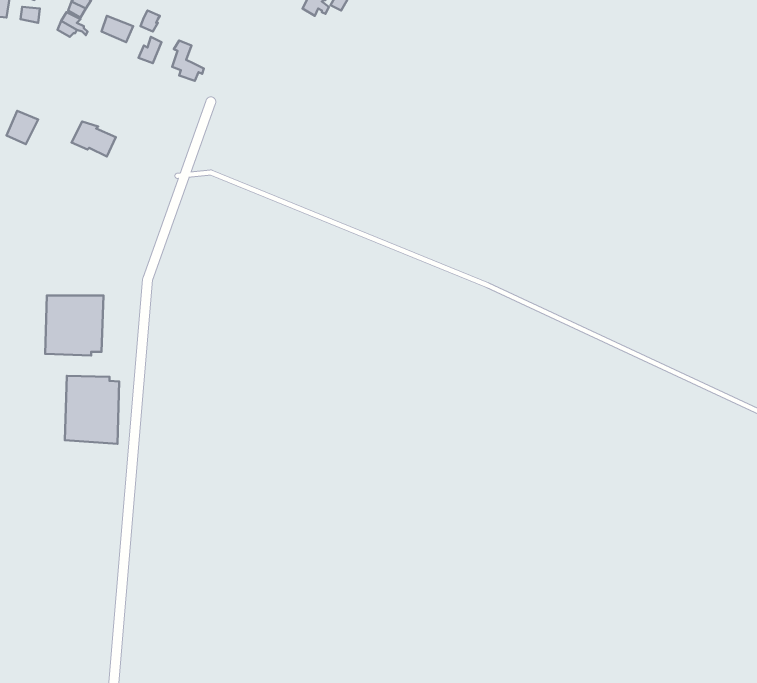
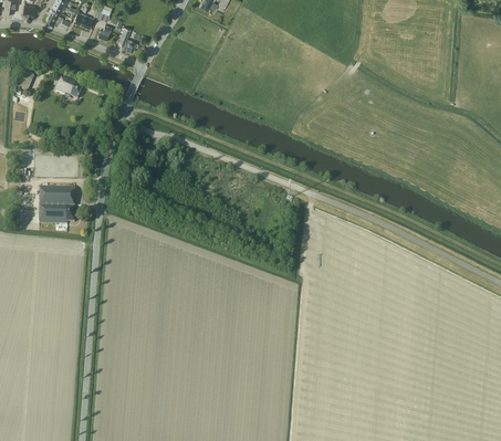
building: [65,376,119,444] -> none

